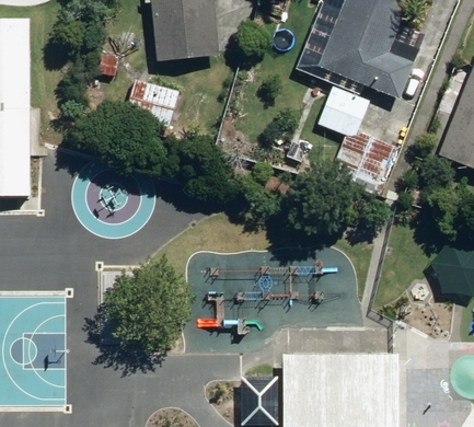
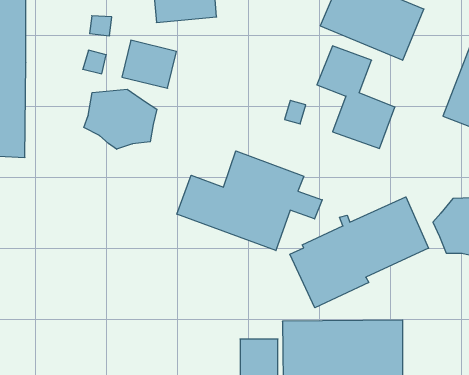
building: none -> [84,89,157,149]
building: none -> [177,151,322,251]
building: none -> [290,197,429,308]

